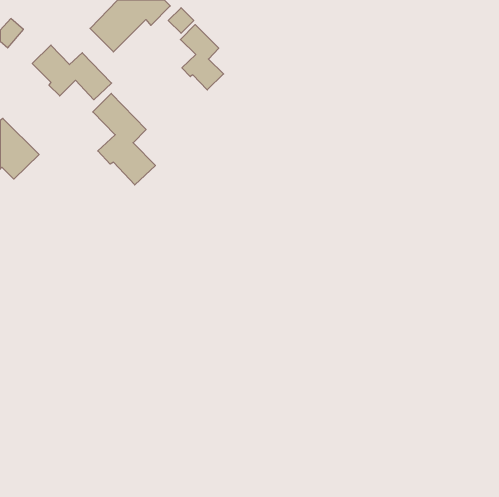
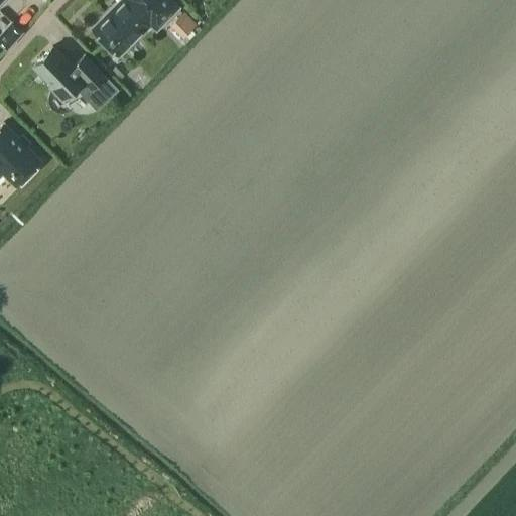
building: [180,25,224,90] -> none
building: [93,93,155,185] -> none

